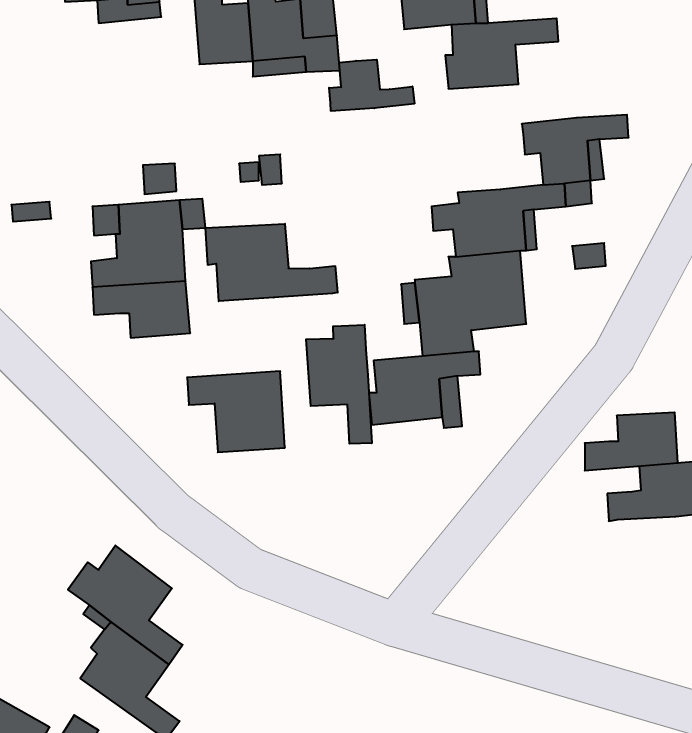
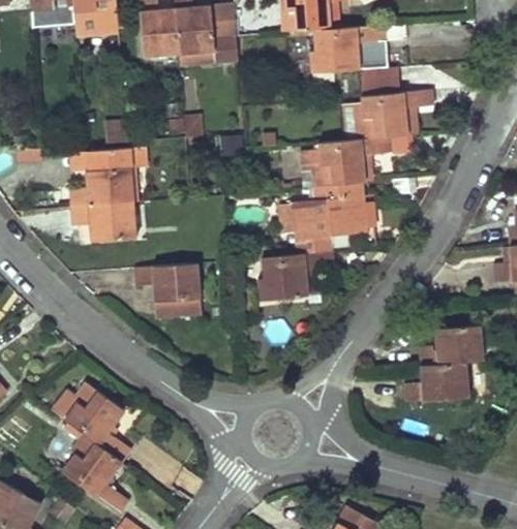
building: [329,60,414,111] -> none
building: none -> [359,66,398,96]
building: none -> [343,103,375,141]
building: [205,224,338,301] -> none
building: [306,325,372,444] -> none
building: [585,412,678,471] -> [404,362,467,401]

